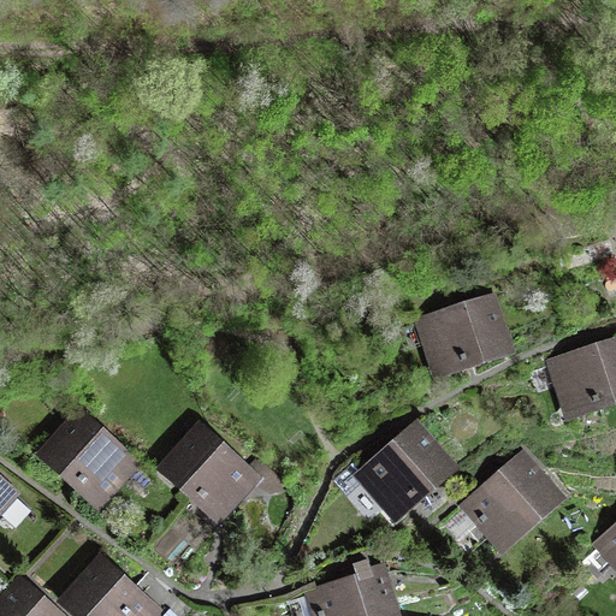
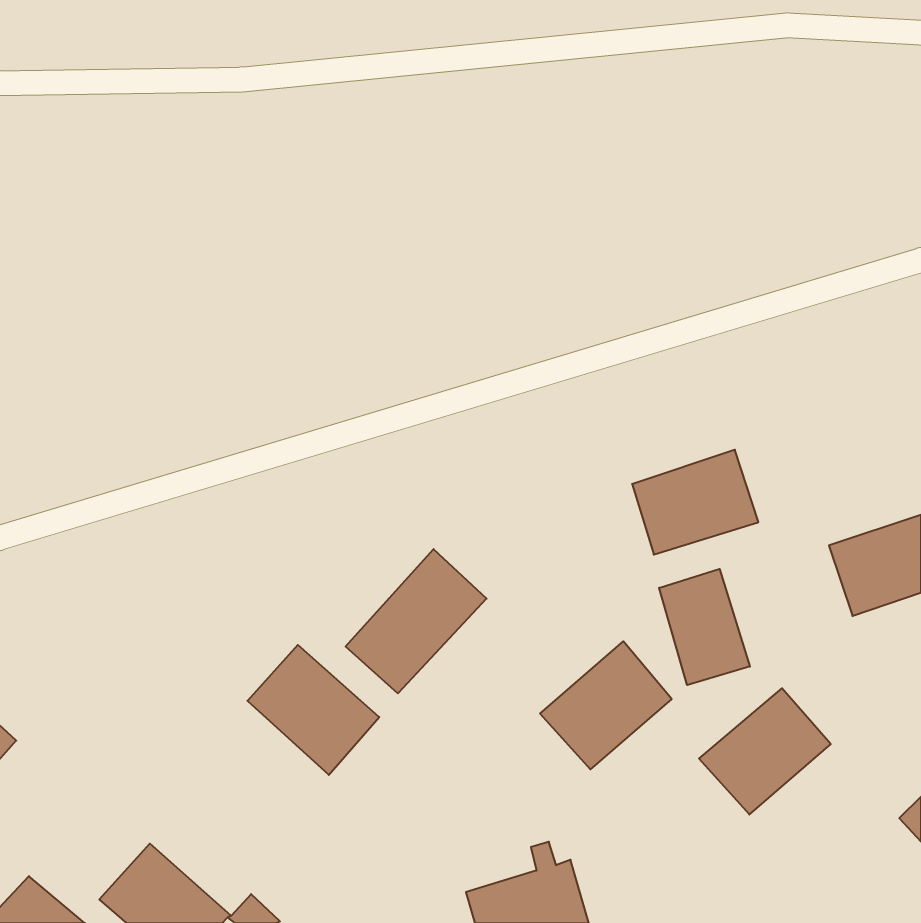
building: none -> [346,549,487,693]
building: none -> [659,569,750,685]
building: [46,415,132,500] -> none

